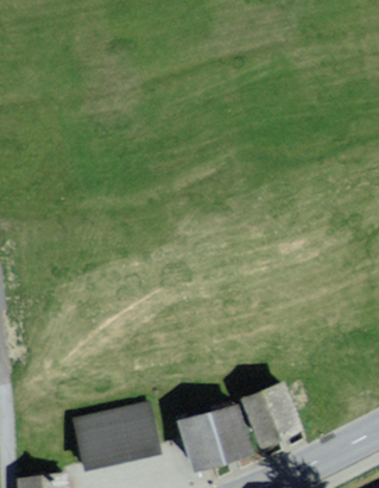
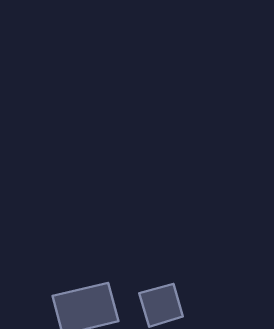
building: [247,388,299,443] -> none

